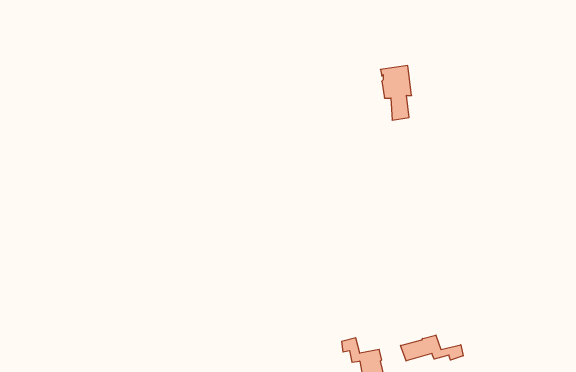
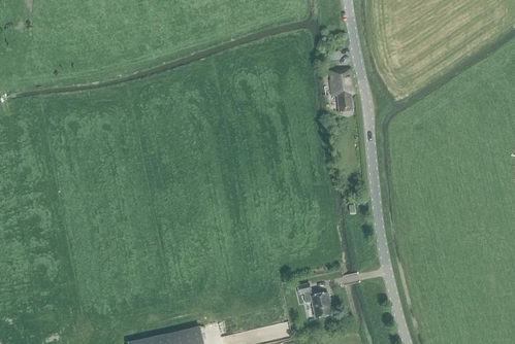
building: [401,335,463,361] -> none

